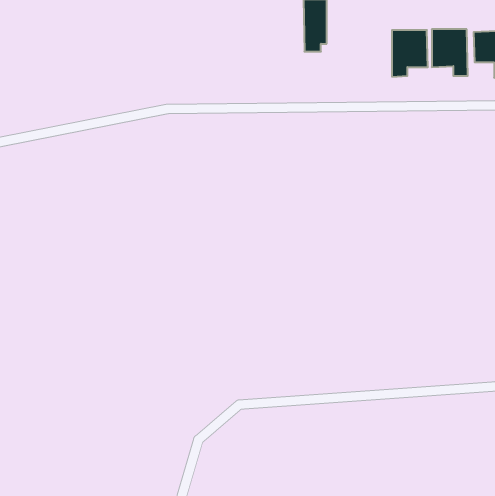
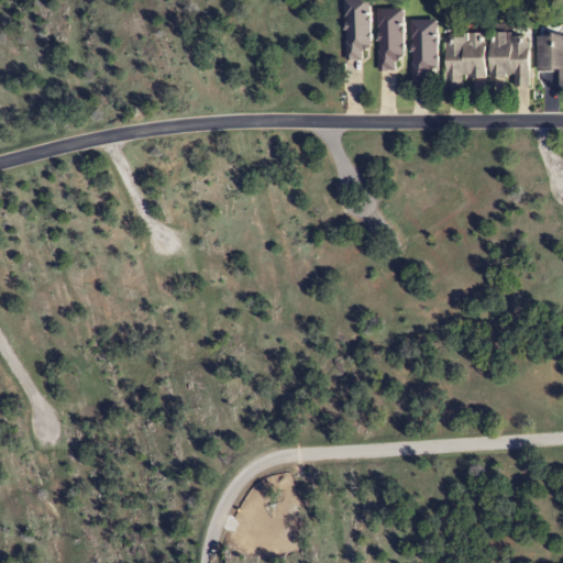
building: none -> [379,8,405,69]
building: none -> [412,19,438,80]

